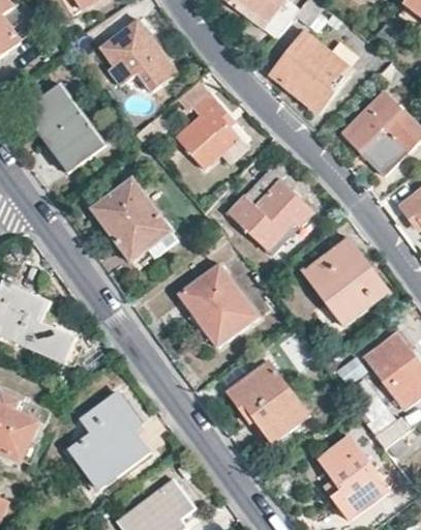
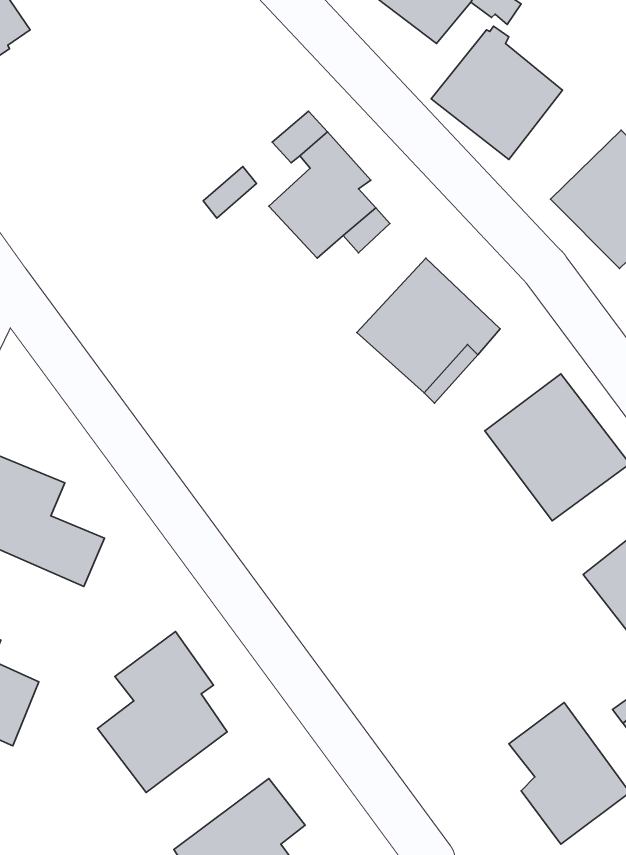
building: [97,19,177,93] -> none
building: [22,83,104,170] -> none
building: [89,177,177,261] -> none
building: [178,262,259,346] -> none
building: [225,360,307,446] -> none

